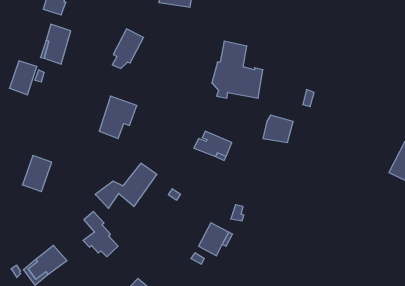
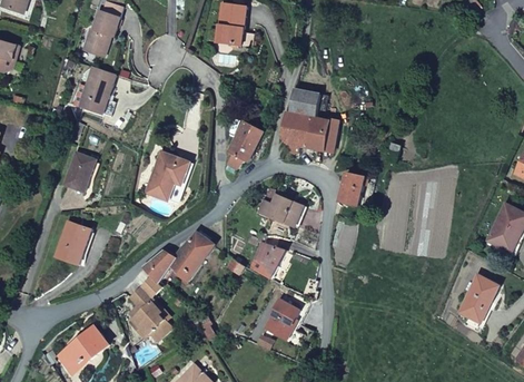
building: [112,29,144,69] -> [228,120,265,167]
building: [9,61,37,95] -> [65,151,97,192]
building: none -> [250,243,285,278]
building: none -> [459,276,498,330]

